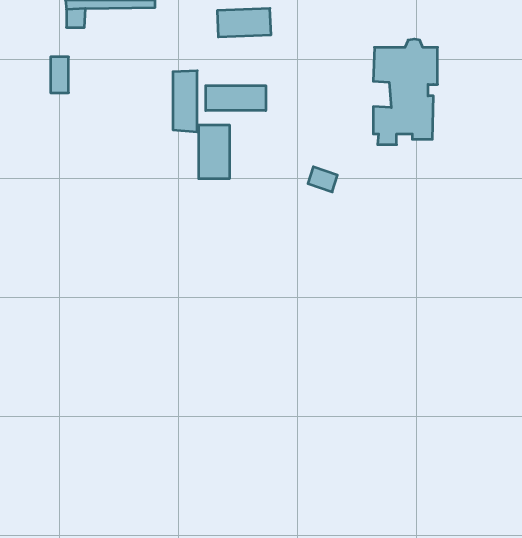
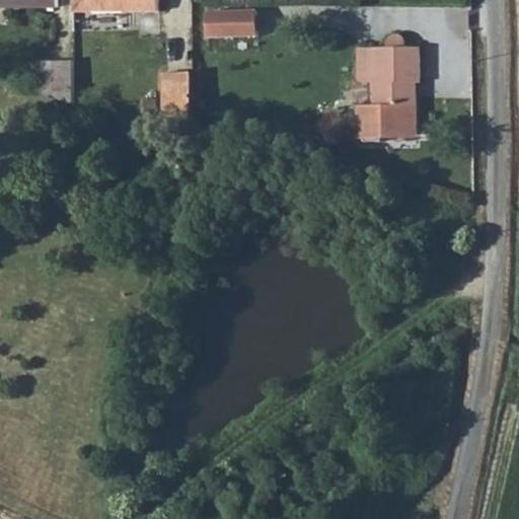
building: [206,86,266,111] -> none
building: [199,125,229,179] -> none

